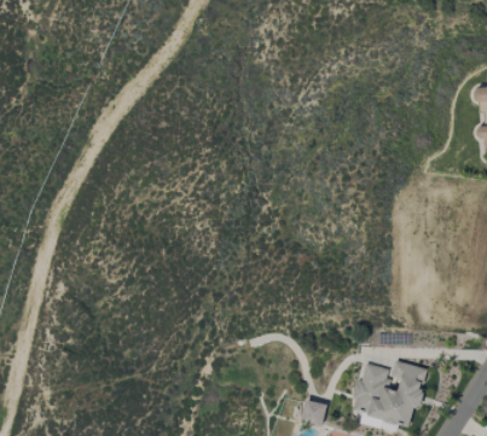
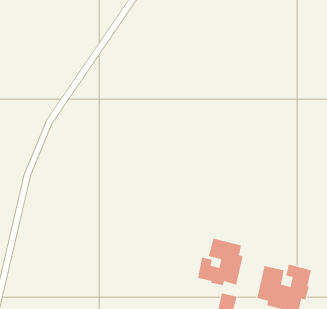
building: none -> [197,238,243,286]

